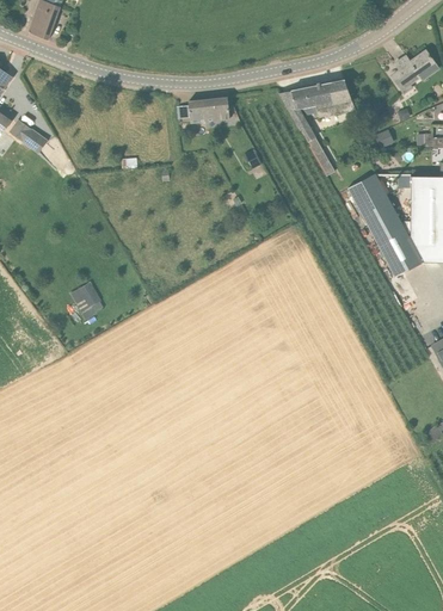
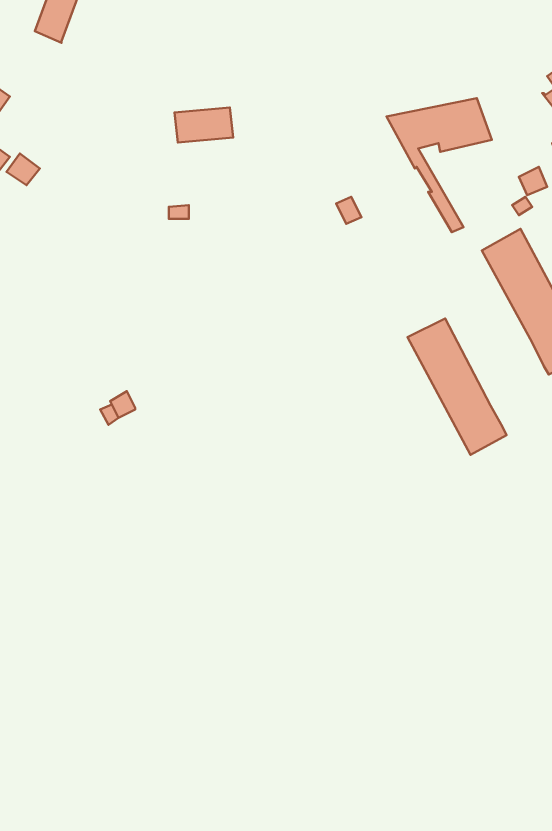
building: [187,97,229,122] -> [175,107,233,143]
building: none -> [408,318,506,455]

